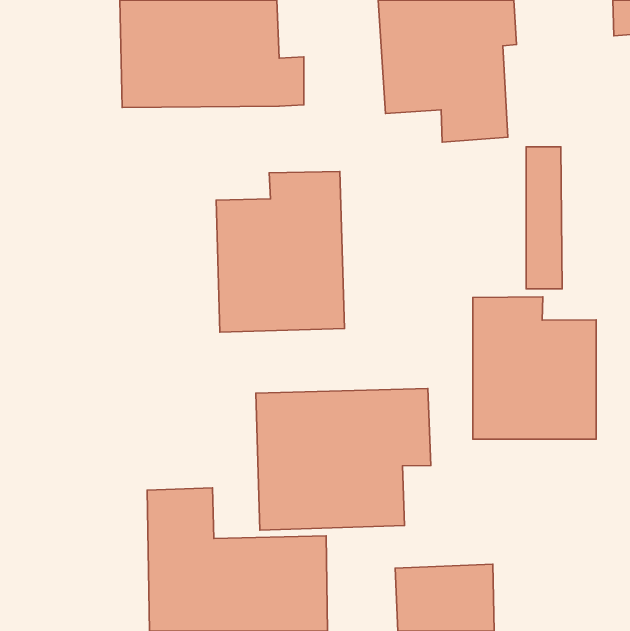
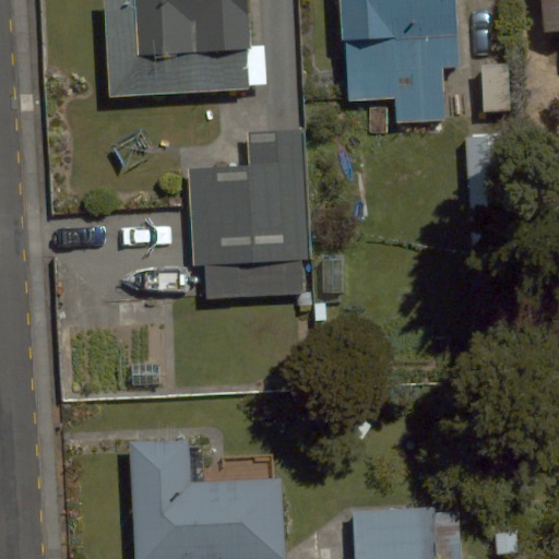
building: [473,297,596,439] -> none
building: [256,388,431,530] -> none

